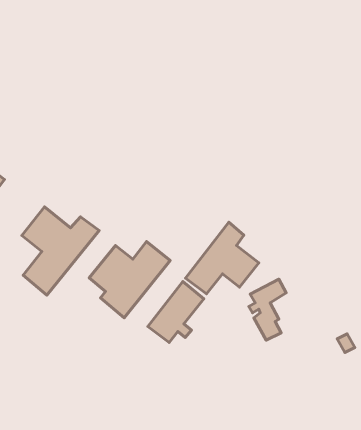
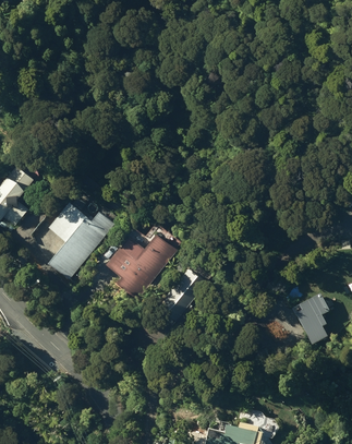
building: [185,222,259,294] -> none
building: [249,279,286,340] -> [300,295,332,348]

